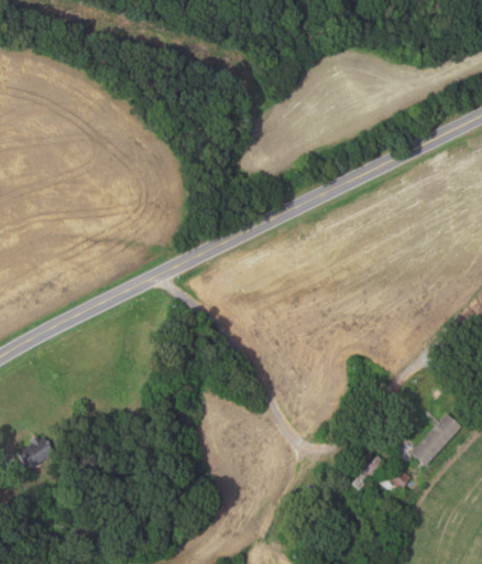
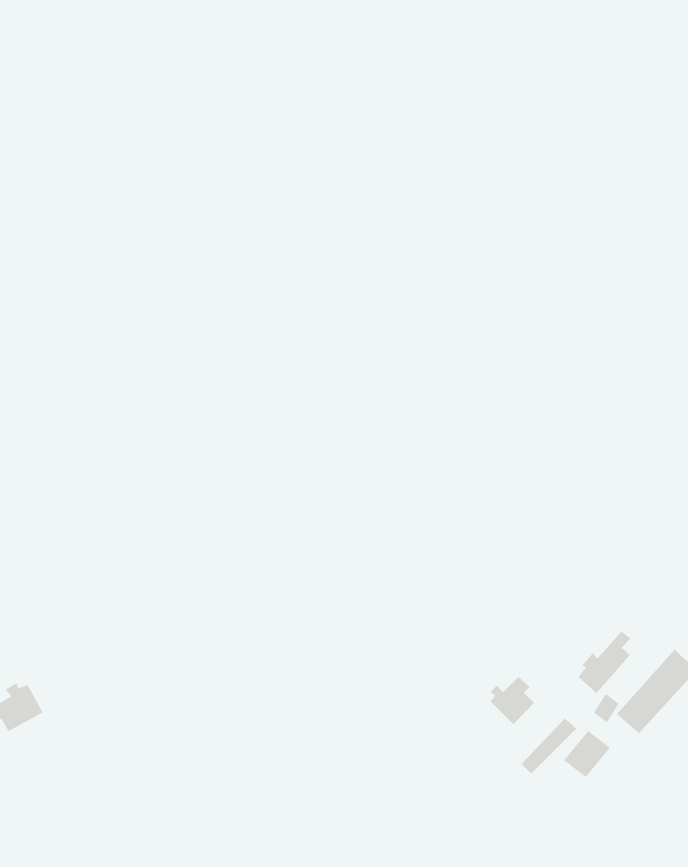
building: none -> [578,631,631,694]
building: none -> [489,676,535,725]

